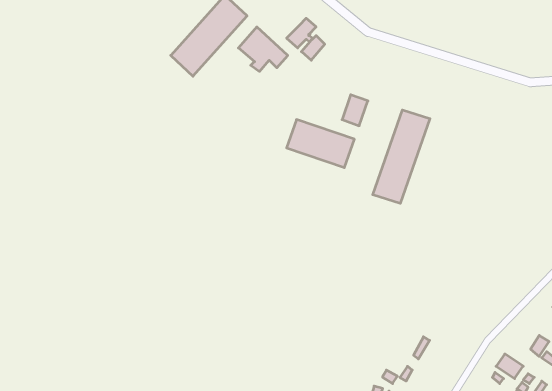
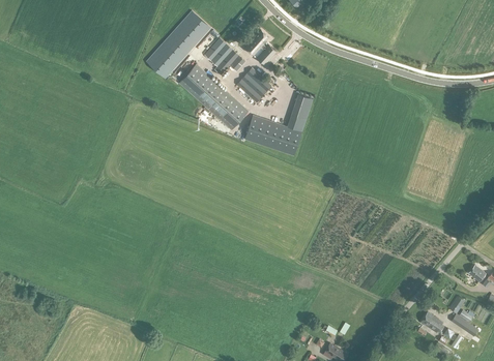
building: none -> [178,63,248,129]
building: none -> [235,67,271,102]
building: [373,110,430,203] -> none

